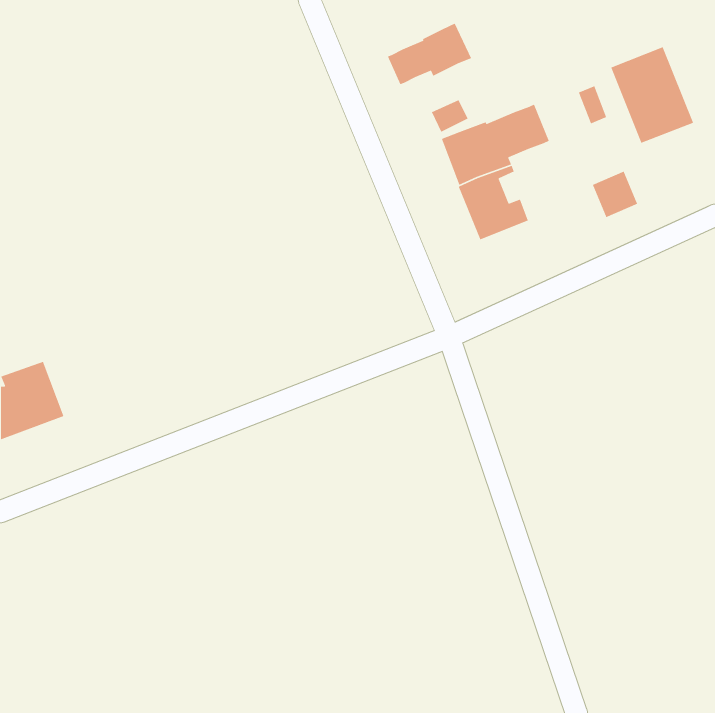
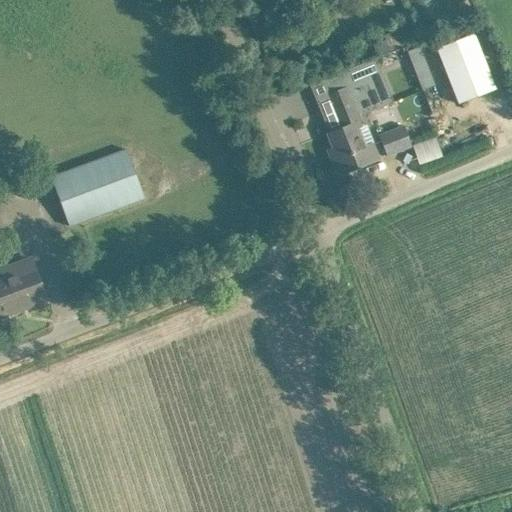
building: [387,23,472,85] -> none
building: none -> [378,124,411,155]
building: none -> [51,149,144,225]

